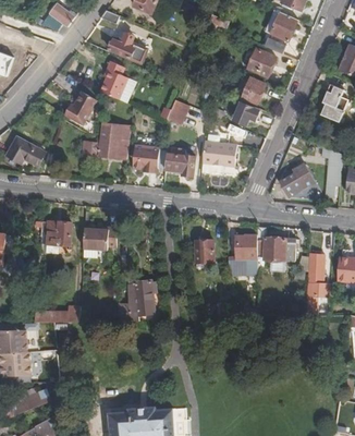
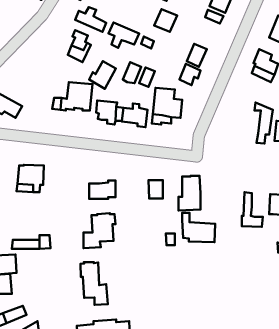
building: [246,48,273,75] -> [154,9,177,32]
building: none -> [108,22,139,48]
building: [63,92,95,124] -> [89,61,116,89]
building: [279,164,315,196] -> none
building: [85,226,117,247] -> [89,181,116,199]
building: [256,226,295,261] -> [182,213,215,242]
building: none -> [81,262,108,305]

